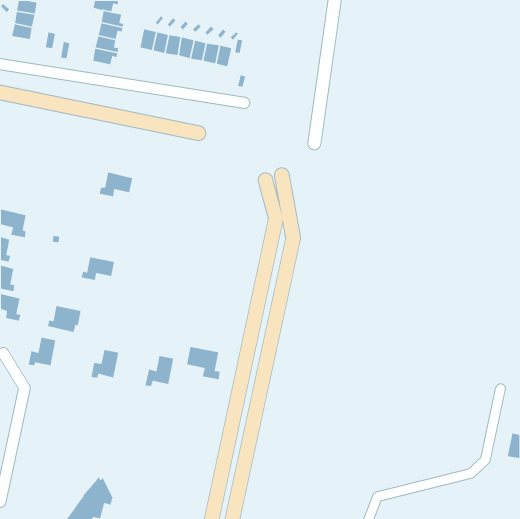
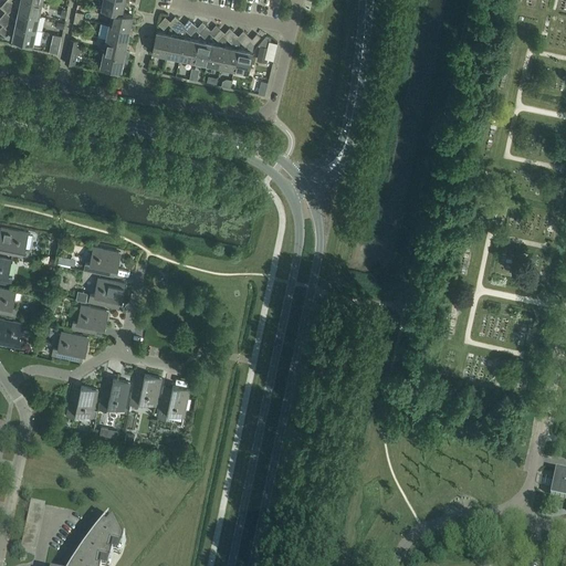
building: [98,172,133,197] -> [83,248,120,275]
building: none -> [71,306,108,334]
building: [28,337,56,366] -> [66,387,97,419]
building: none -> [129,376,161,408]
building: [186,346,220,380] -> none

